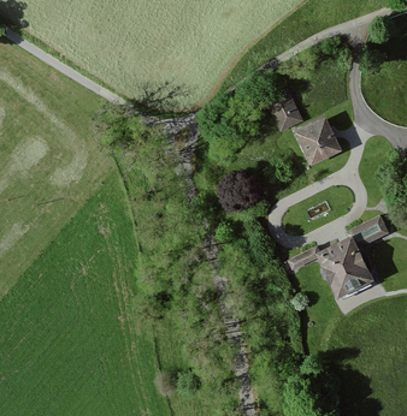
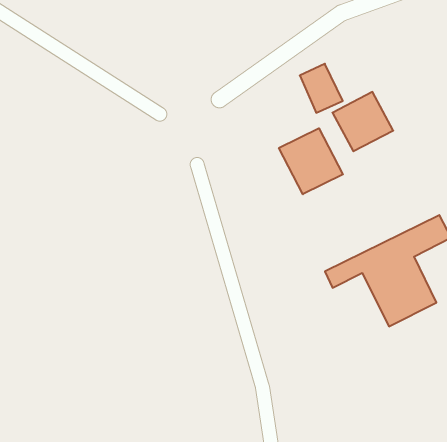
building: none -> [279,128,343,194]

